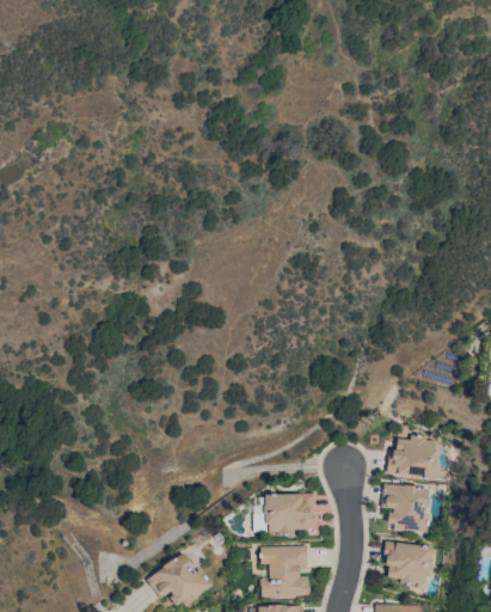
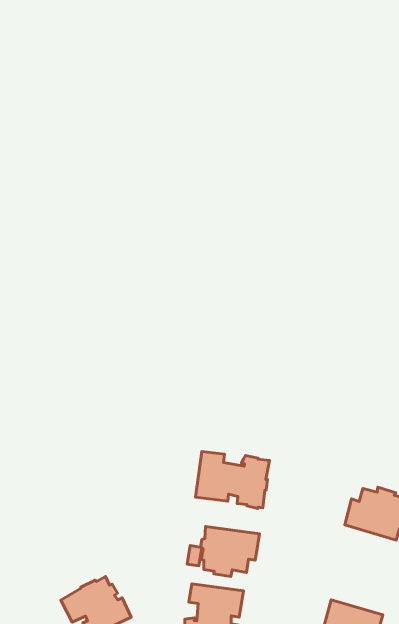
building: none -> [195,451,269,508]
building: [381,484,431,533] -> none

